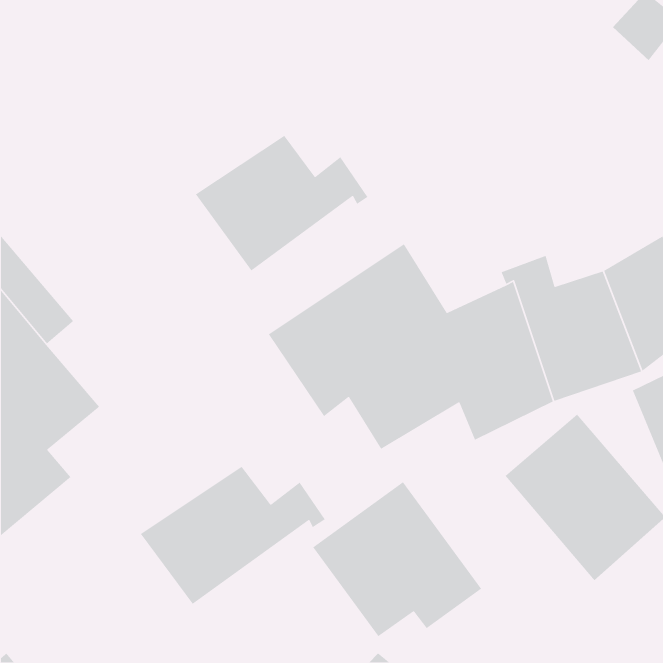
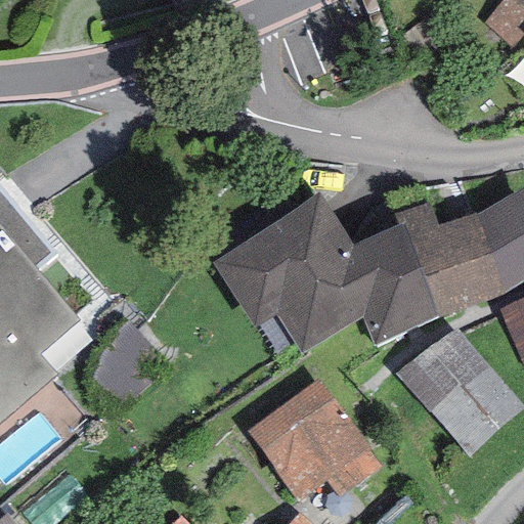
building: [195,135,368,272] -> none
building: [140,466,326,605] -> none

